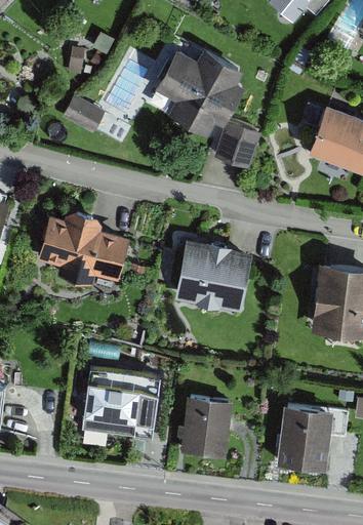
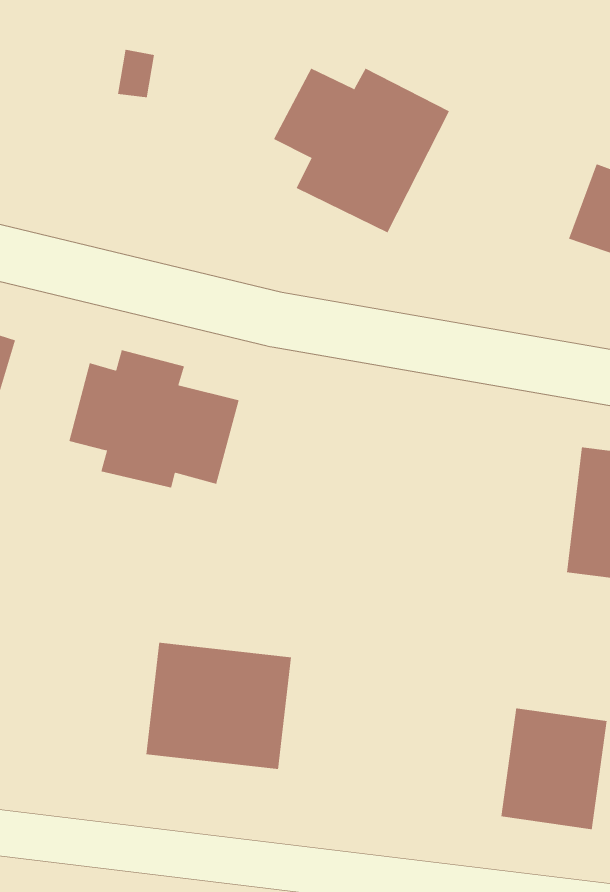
building: [63,94,105,132] -> none
building: [215,127,263,176] -> none
building: [174,239,254,313] -> none
building: [175,395,233,455] -> none

